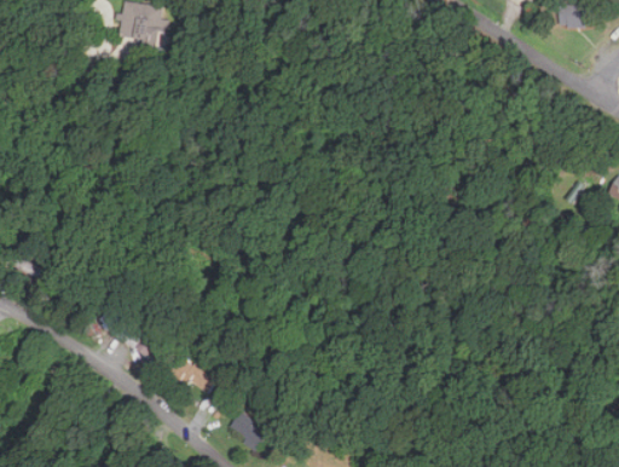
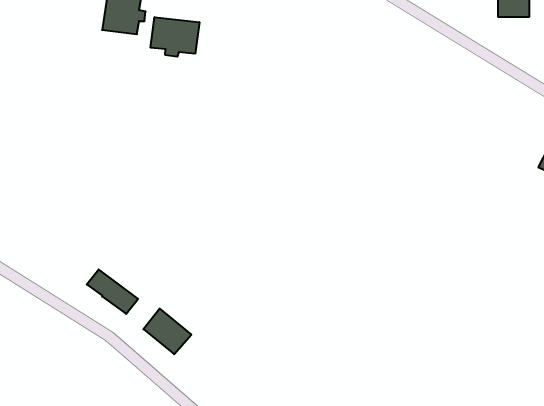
building: none -> [151,17,199,57]
building: [230,410,277,450] -> none

